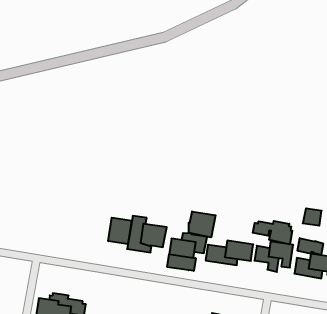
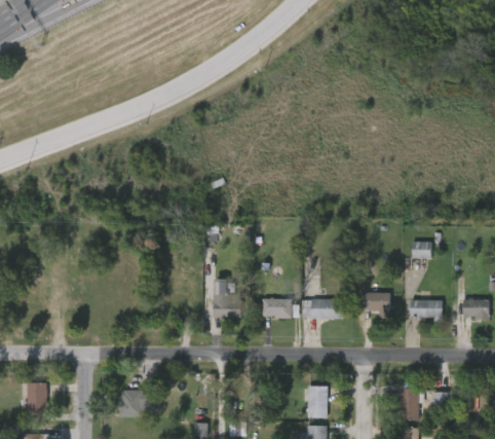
building: [189,211,216,237] -> none
building: [108,218,131,244] -> none
building: [253,221,292,244] -> none
building: [297,238,323,255] -> none
building: [167,254,196,271] -> none

